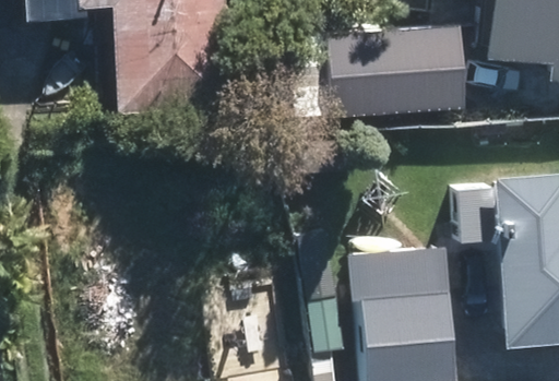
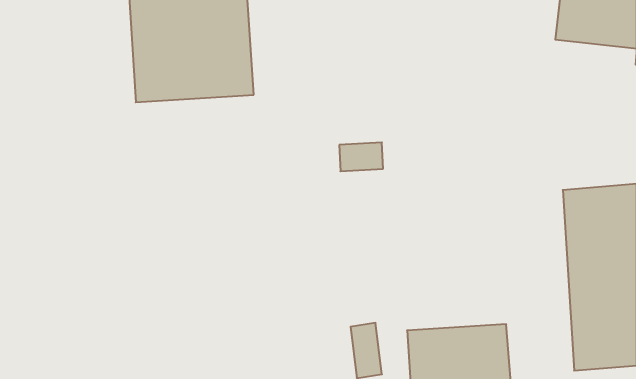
building: [301,31,460,107] -> none

